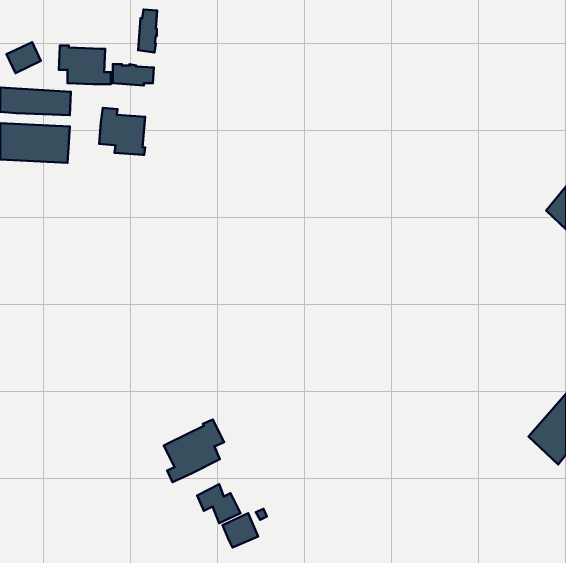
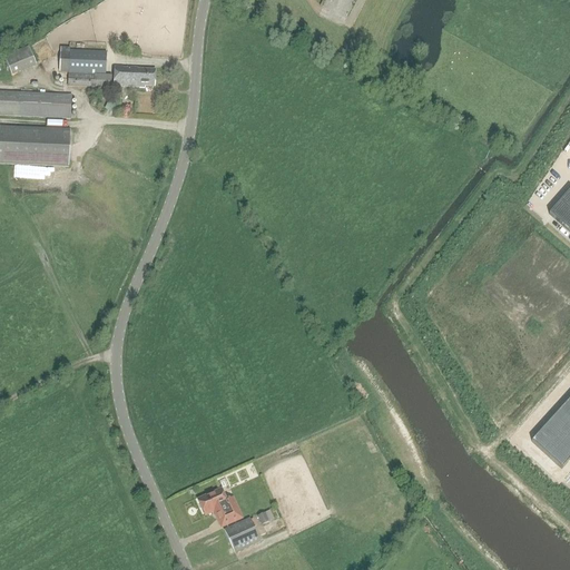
building: [138,9,157,53] -> none
building: [99,108,145,155] -> none
building: [164,419,224,482] -> none

